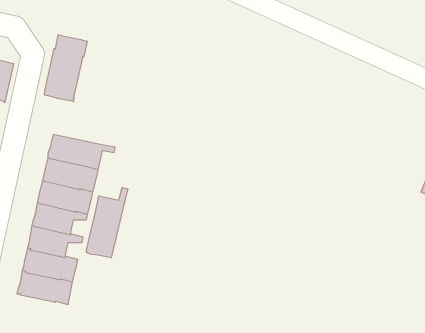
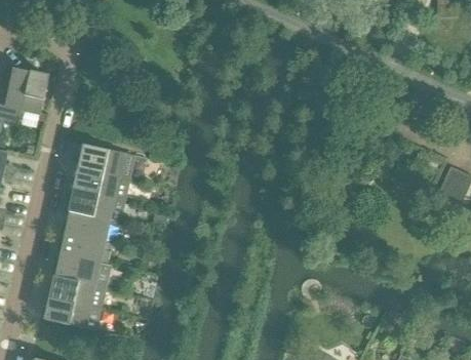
building: [44,35,87,102] -> none
building: [87,187,128,258] -> none
building: none -> [44,297,99,330]

